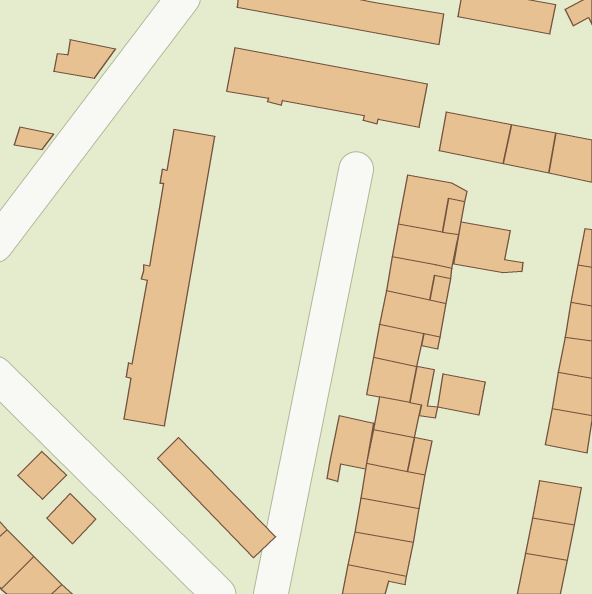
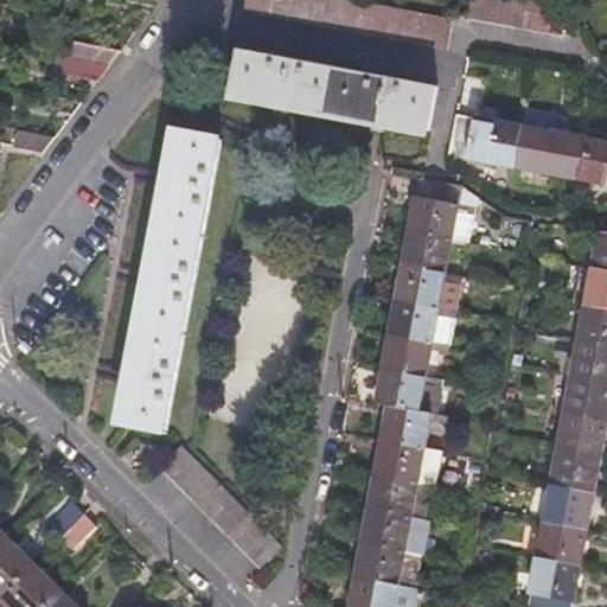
building: [454,222,523,273] -> none
building: [438,374,485,415] -> none
building: [327,416,374,482] -> none
building: none -> [548,452,596,496]
building: [18,451,67,499] -> none

